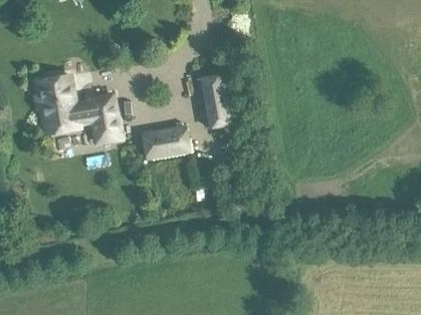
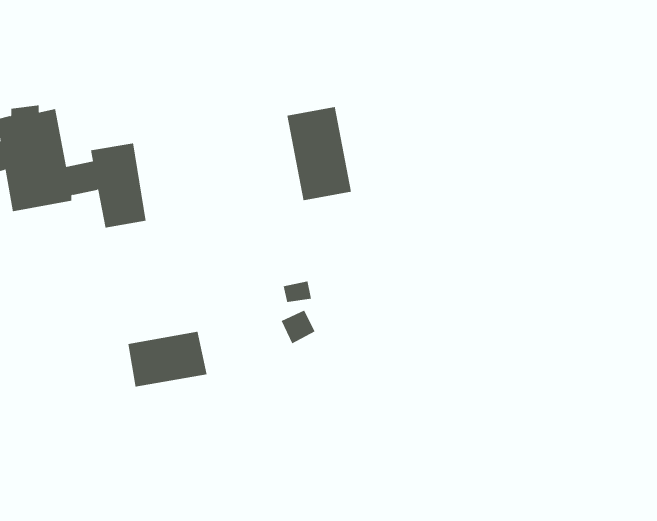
building: [145,126,189,158] -> [127,331,207,387]

